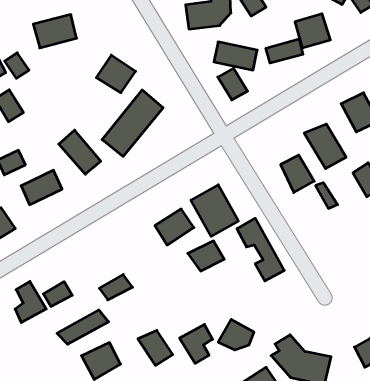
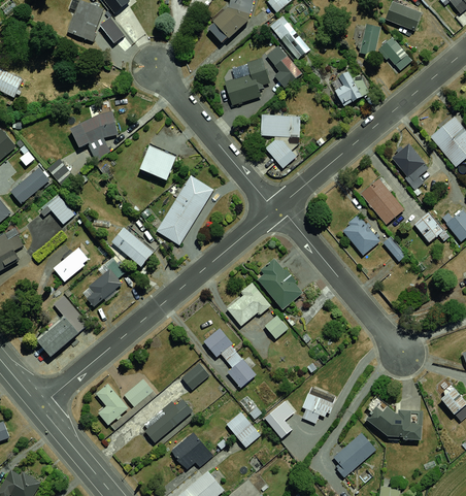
building: [266,39,303,63] -> none
building: [237,218,284,281] -> [202,327,256,388]

